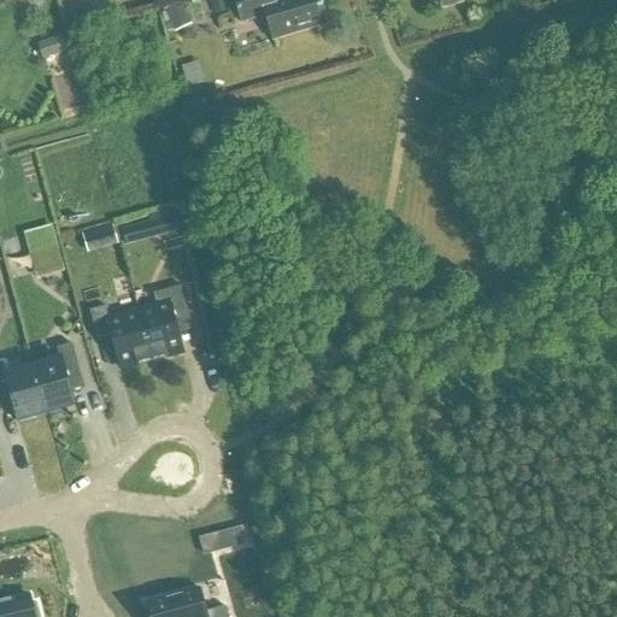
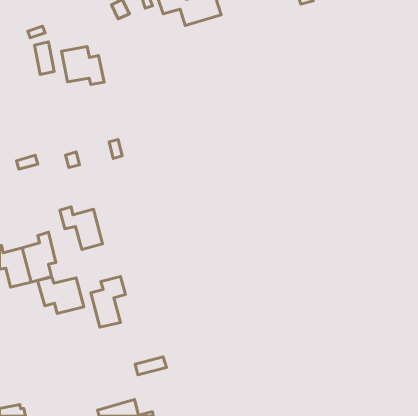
building: none -> [62,47,104,85]
building: [137,283,188,358] -> [91,276,125,327]
building: none -> [38,277,84,314]

